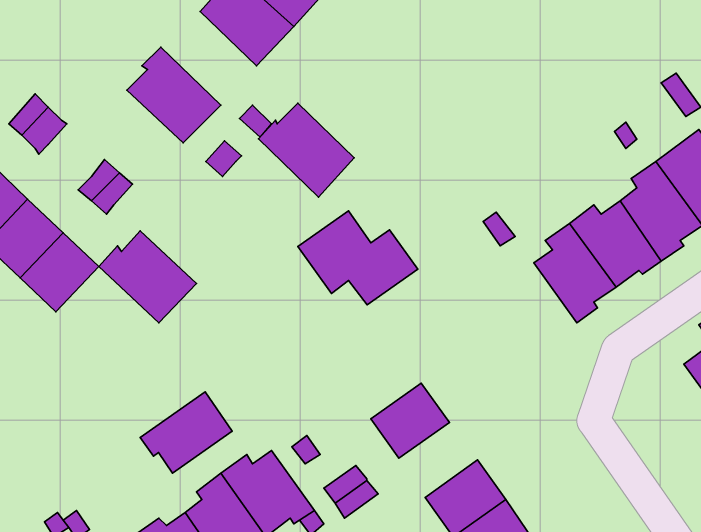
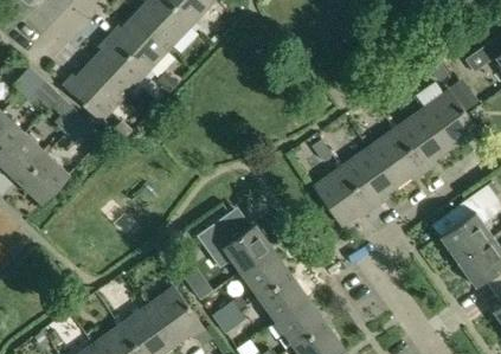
building: [258,103,354,197] -> [108,14,168,73]
building: [298,211,418,305] -> [197,212,272,271]
building: [99,231,196,323] -> [60,64,122,122]
building: none -> [311,173,371,226]
building: [140,392,232,473] -> none
building: none -> [258,273,308,321]

